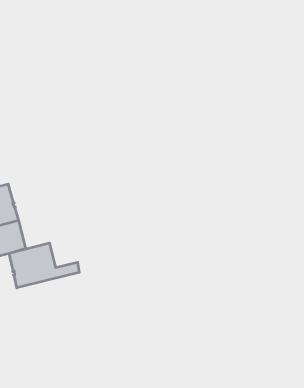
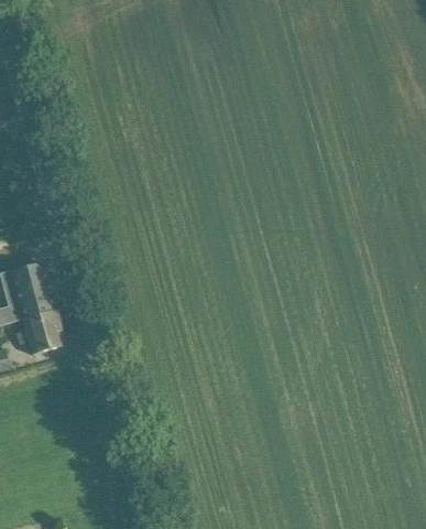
building: [9,243,79,288] -> none

